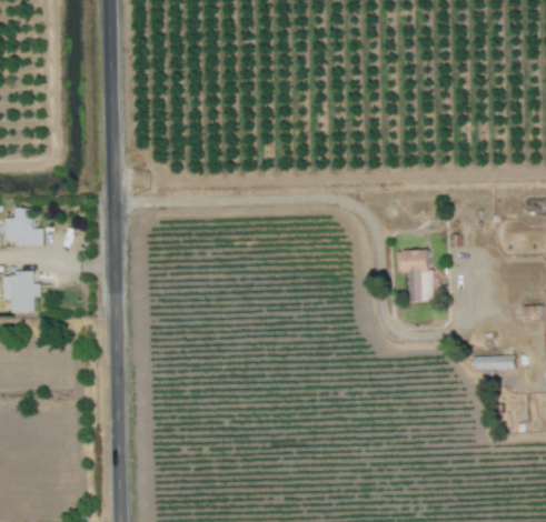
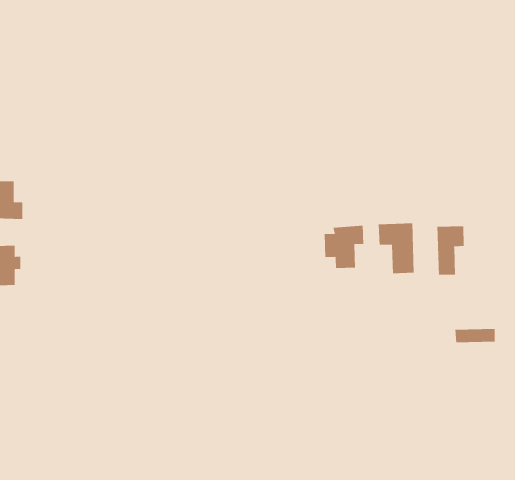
building: none -> [324,225,364,269]
building: none -> [437,225,464,276]

